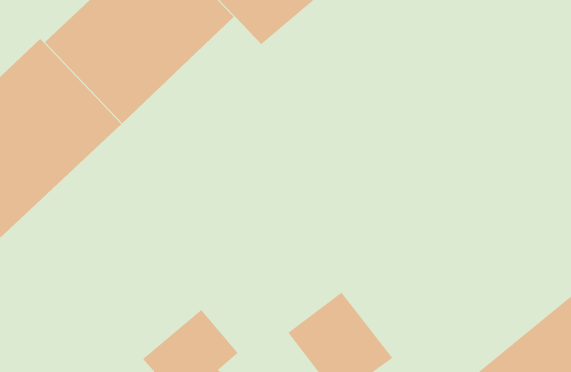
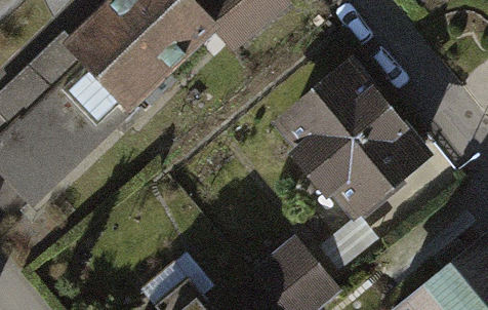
building: none -> [286,71,417,204]

